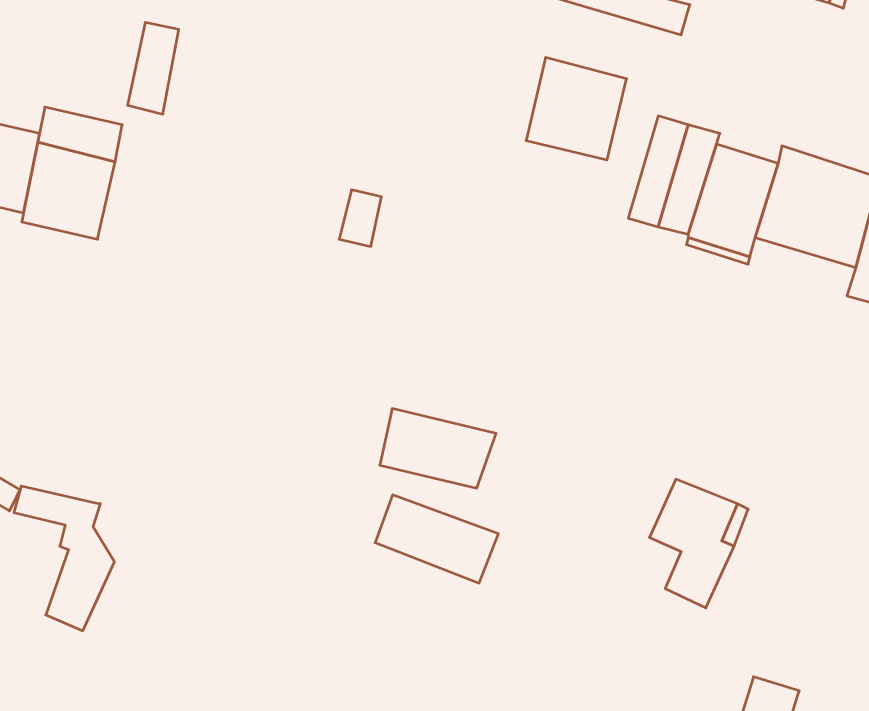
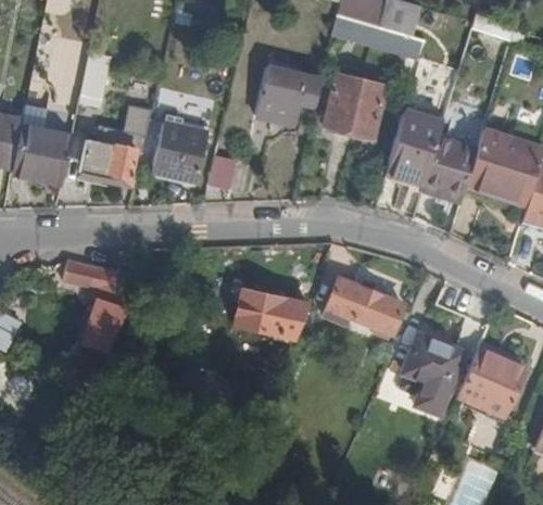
building: none -> [255,67,321,126]
building: none -> [79,105,151,185]
building: none -> [153,122,207,180]
building: [14,486,114,631] -> [64,263,126,352]
building: [375,495,498,583] -> [328,280,404,334]
building: none -> [458,348,525,415]

